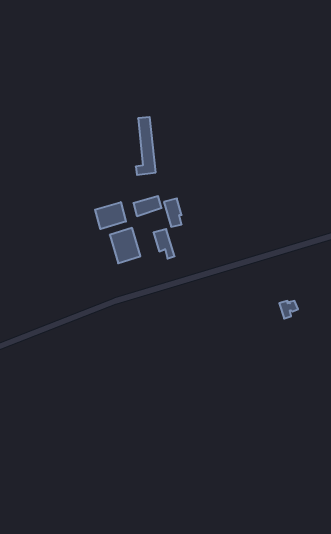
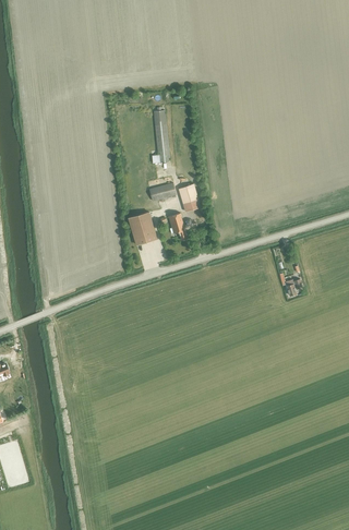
building: [95,202,126,229] -> none

